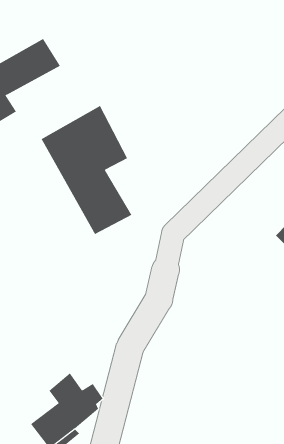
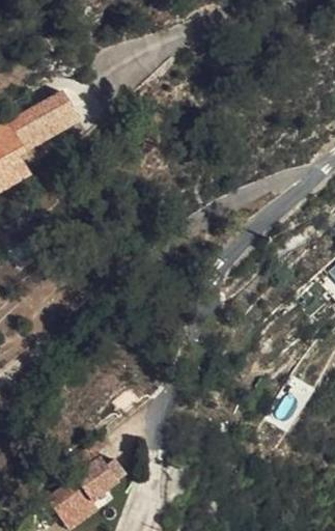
building: [41,105,132,235] -> none

